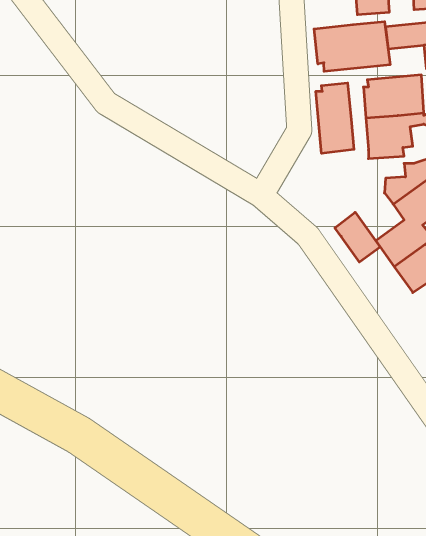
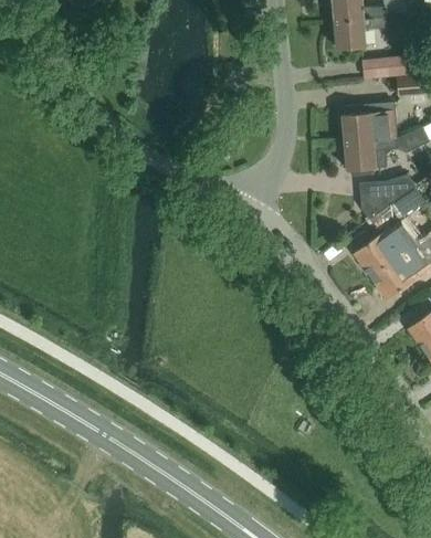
building: [314,22,390,71] -> none
building: [316,83,354,153] -> none
building: [335,212,380,262] -> none

